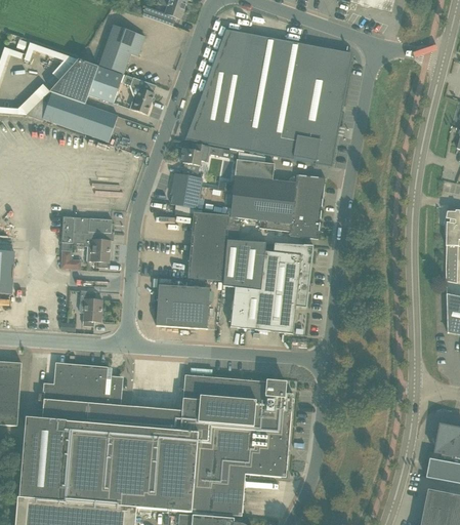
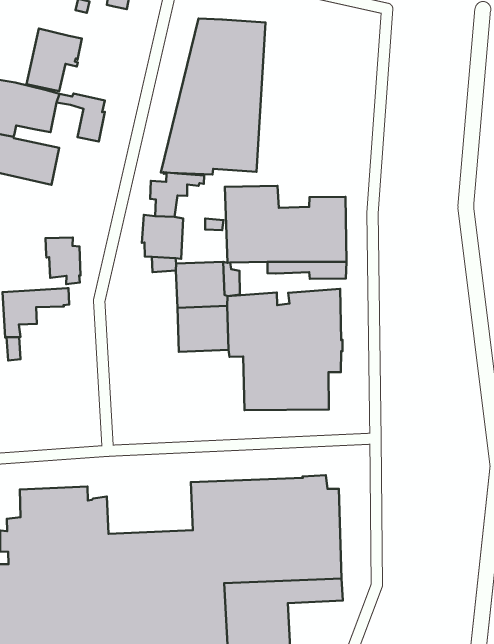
building: [261,41,348,163] -> none
building: [85,231,111,267] -> [45,238,80,284]
building: [154,284,210,328] -> none
building: [80,289,102,326] -> none

